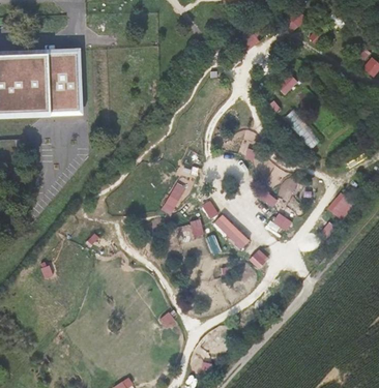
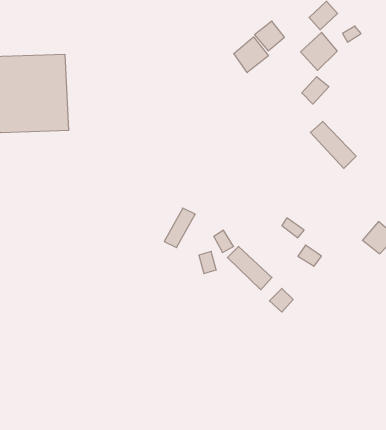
building: none -> [301,32,337,70]
building: none -> [234,37,268,73]

